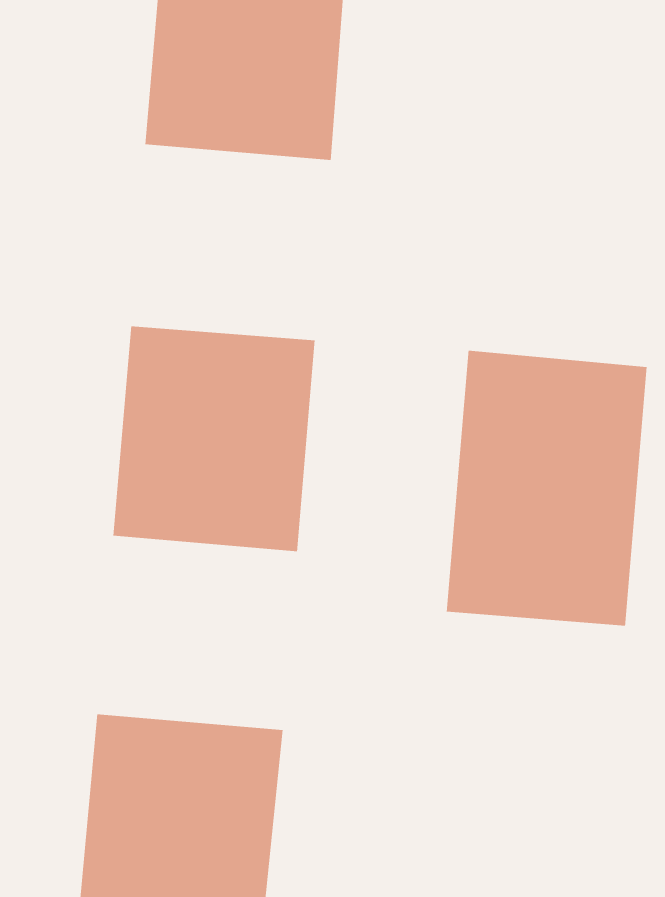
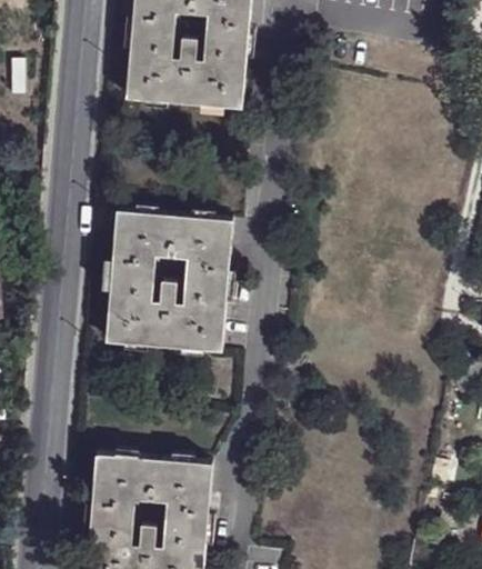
building: [446,350,647,627] -> none

